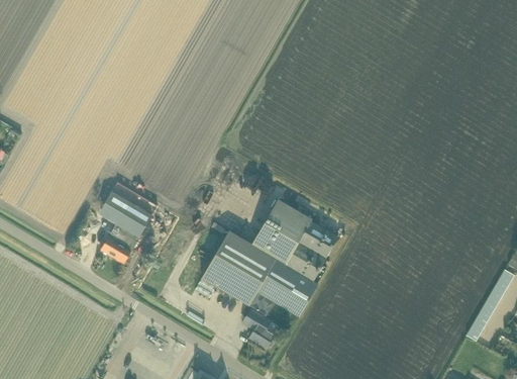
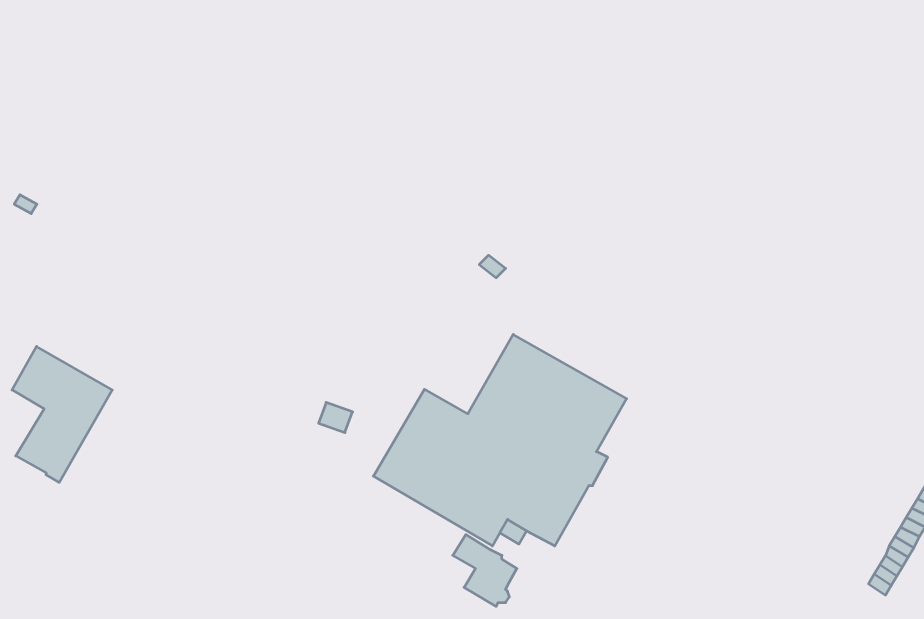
building: [98,191,151,264] -> [12,346,112,482]

